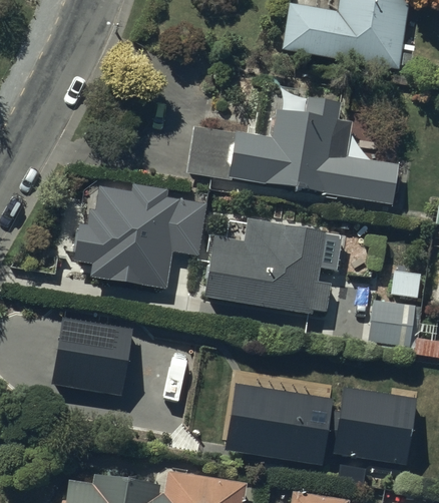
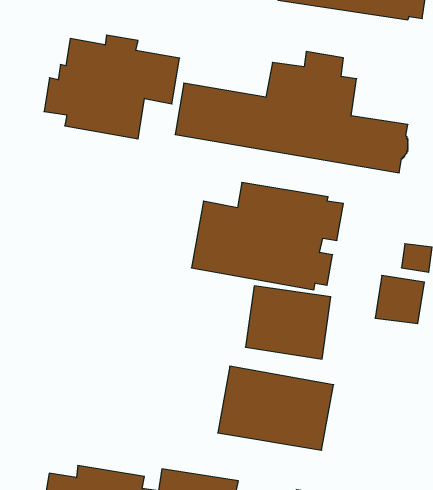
building: [79,188,203,284] -> [44,35,180,139]
building: [49,315,132,395] -> none
building: [335,390,413,457] -> [245,286,331,359]

